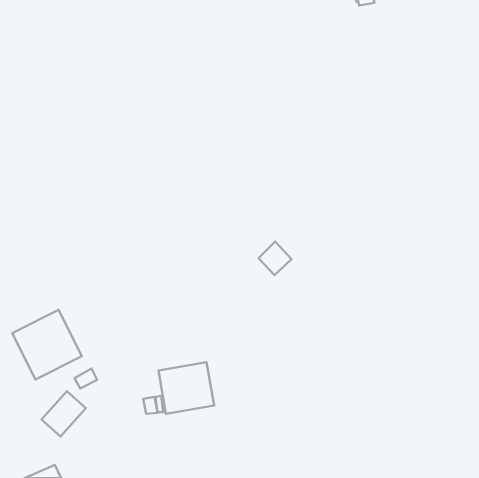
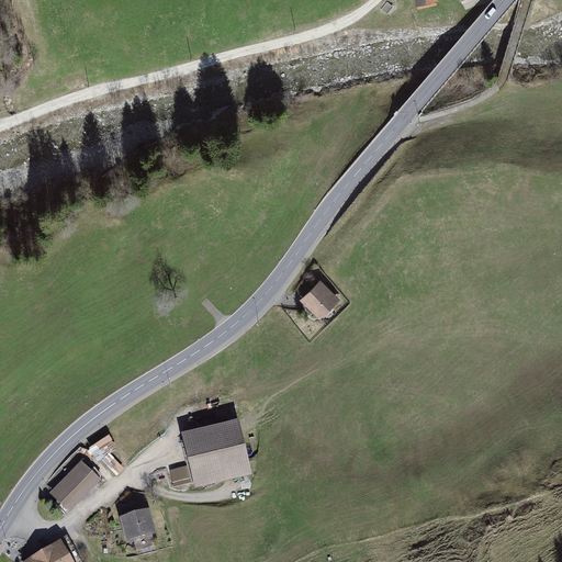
building: [12,310,82,379] -> none
building: none -> [120,509,157,541]

